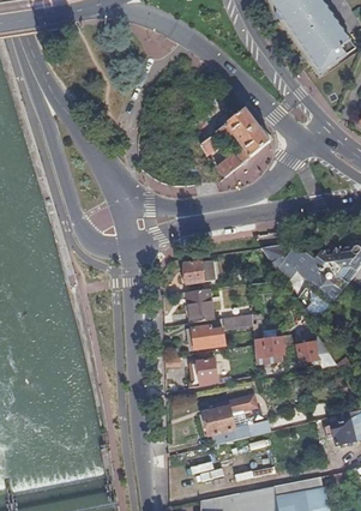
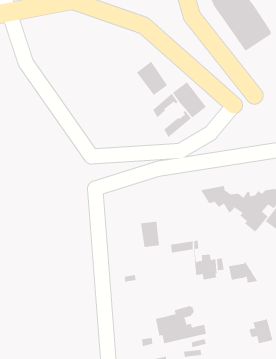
building: none -> [136,61,168,96]
building: [182,259,213,283] -> none
building: [187,325,224,349] -> none
building: [191,357,218,386] -> none

